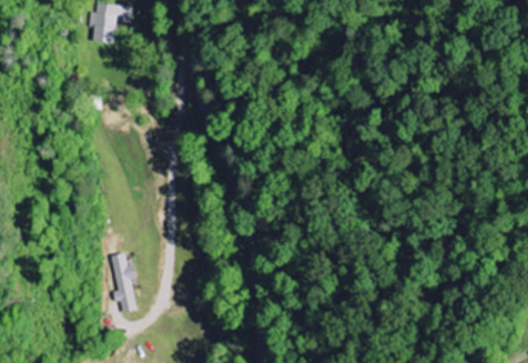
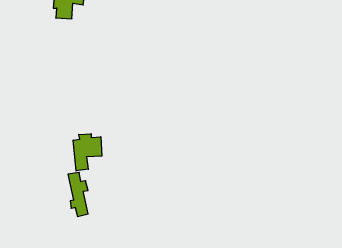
building: none -> [73,134,102,171]

